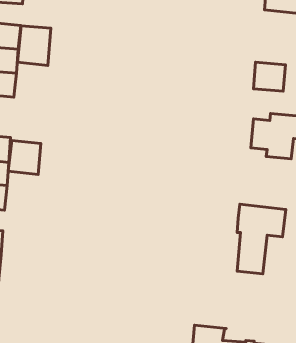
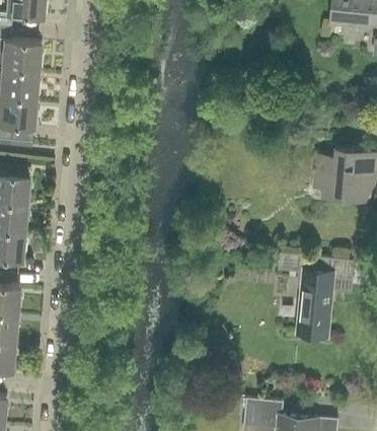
building: [17,26,51,66] -> none
building: [254,62,286,91] -> none
building: [8,141,41,174] -> none

